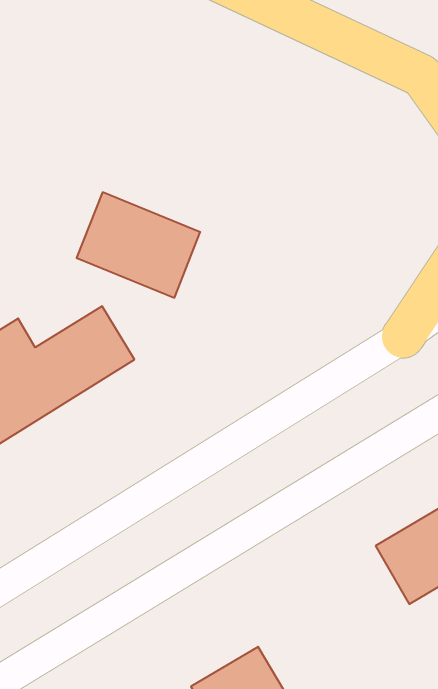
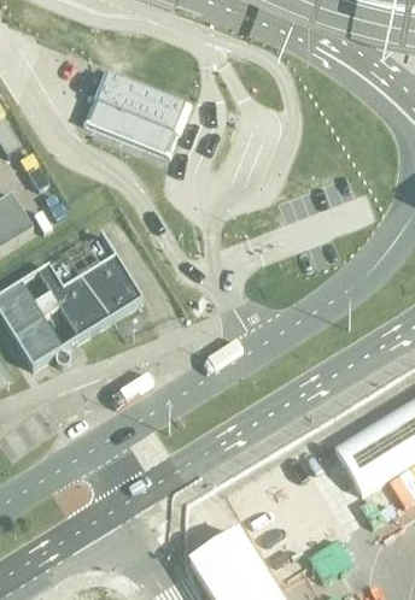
building: [77,192,200,298] -> [88,73,186,157]

